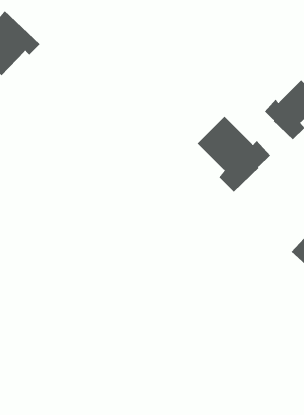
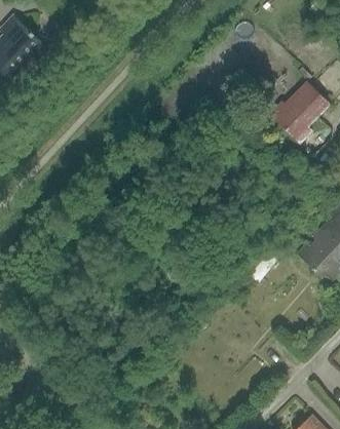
building: [197,116,271,192] -> none

